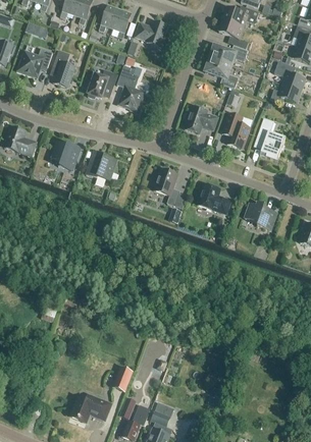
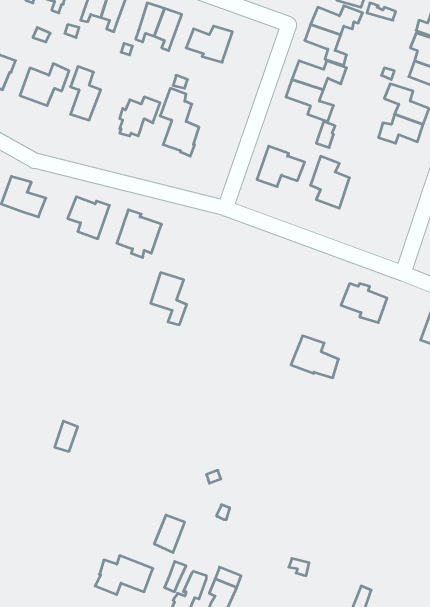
building: [254,117,286,161] -> none
building: [154,168,179,205] -> [151,273,187,325]
building: [197,183,230,213] -> [291,336,339,378]

